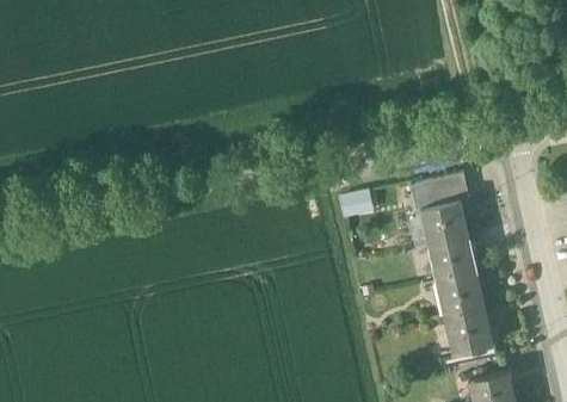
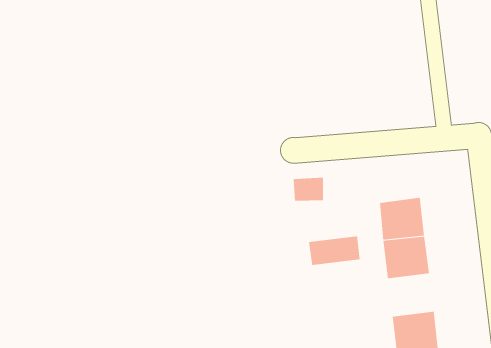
building: [414,177,467,210] -> [308,236,360,266]
building: [436,273,485,318] -> none

